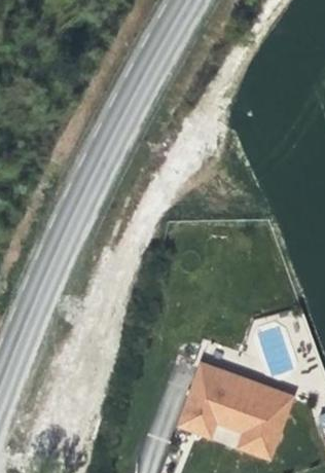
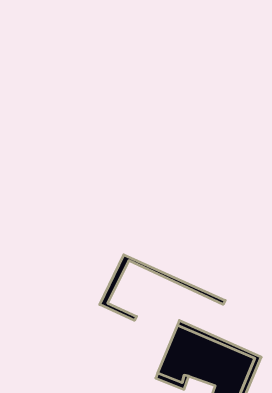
building: none -> [100,255,225,320]

